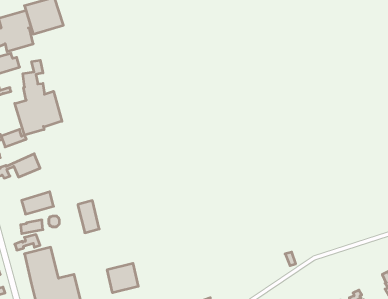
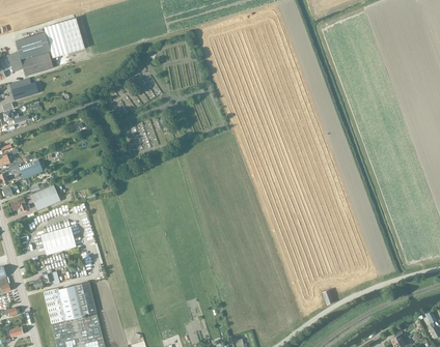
building: [15,60,62,135] -> none
building: [78,201,99,233] -> [74,281,97,315]
building: [107,263,138,293] -> none

